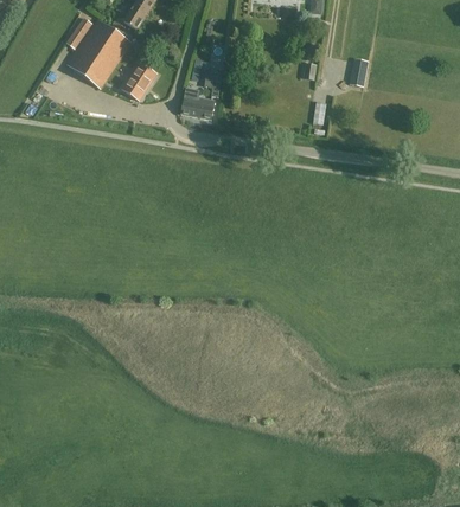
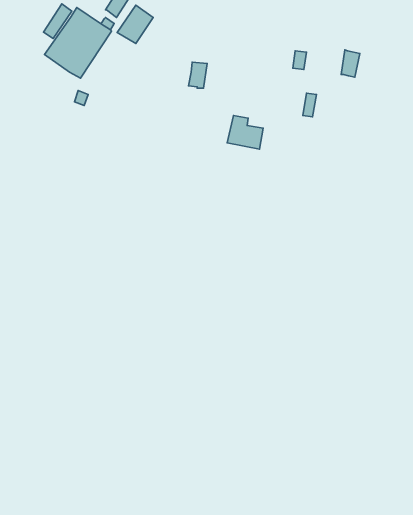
building: [121,62,155,98] -> [117,5,153,44]
building: [179,86,213,118] -> [227,116,263,149]

